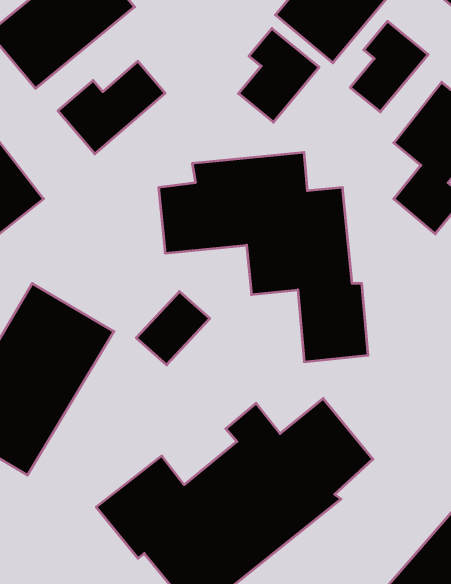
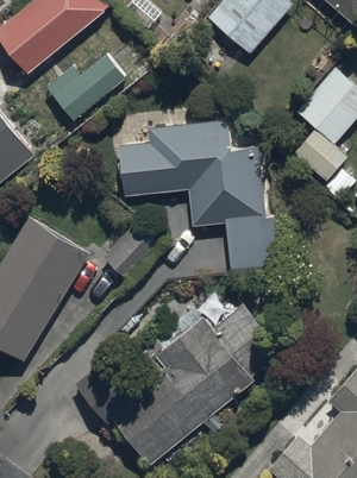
building: [350,21,428,112] -> none
building: [238,28,319,122] -> none

